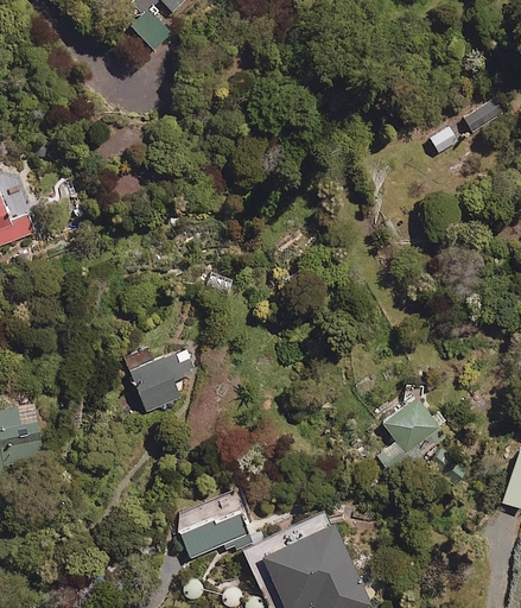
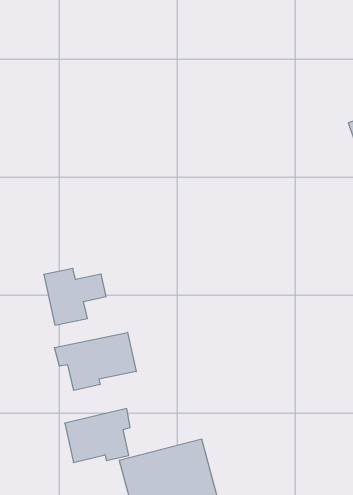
building: [379,397,441,467] -> none
building: none -> [54,332,136,390]

